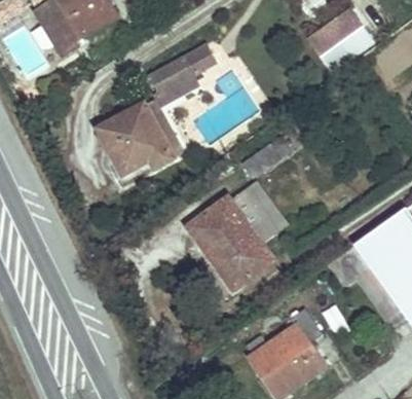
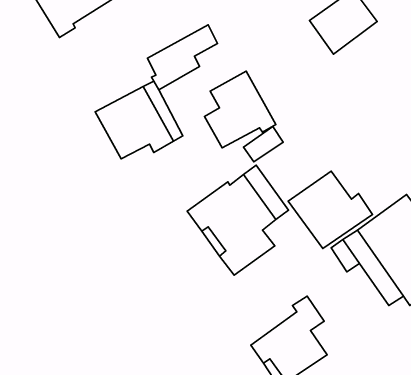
building: none -> [205,71,276,148]
building: none -> [288,171,372,249]

